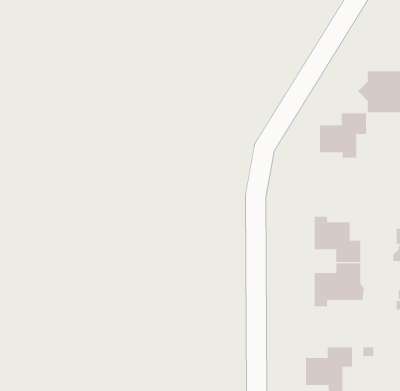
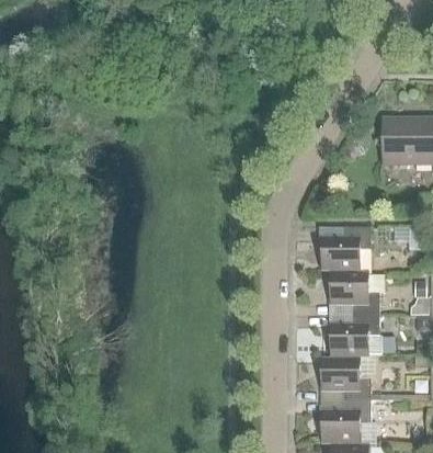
building: [319,113,367,158] -> [321,226,369,272]
building: none -> [321,352,369,399]

